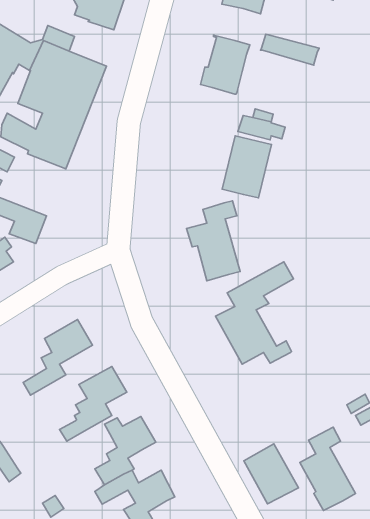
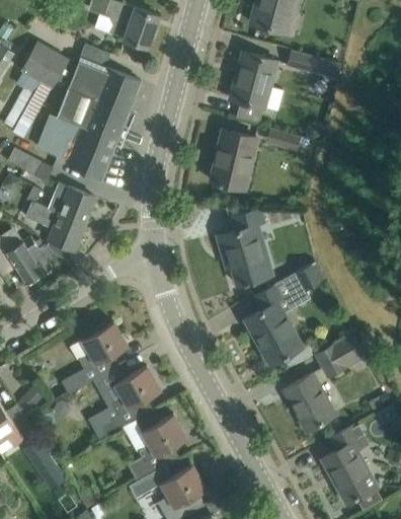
building: [222,136,271,198] -> [210,131,256,190]
building: none -> [48,183,94,224]
building: none -> [315,333,366,378]
building: [244,444,298,504] -> [284,374,335,431]

